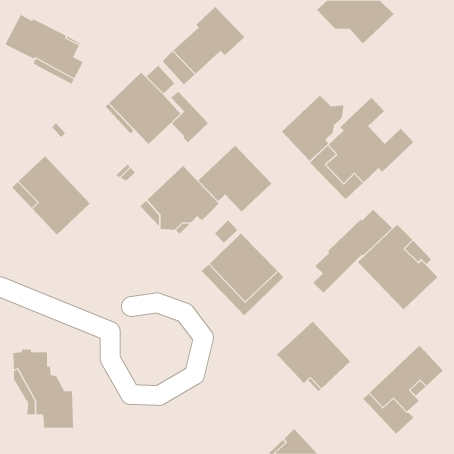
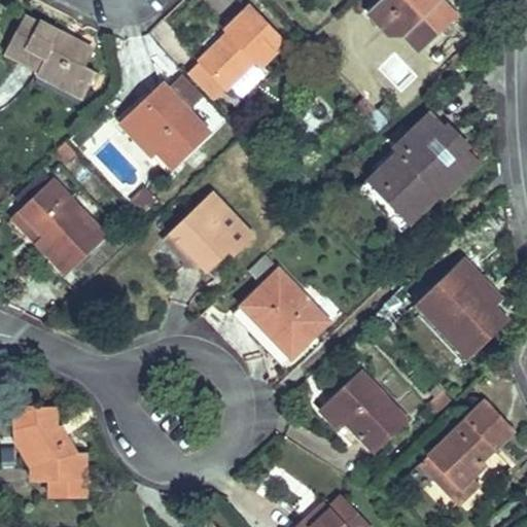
building: [171,91,209,143] -> none
building: [281,95,344,161] -> none
building: none -> [427,126,467,166]
building: [197,145,272,213] -> none
building: [313,209,393,294] -> none

